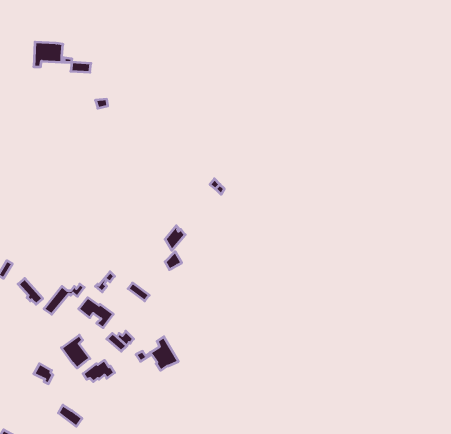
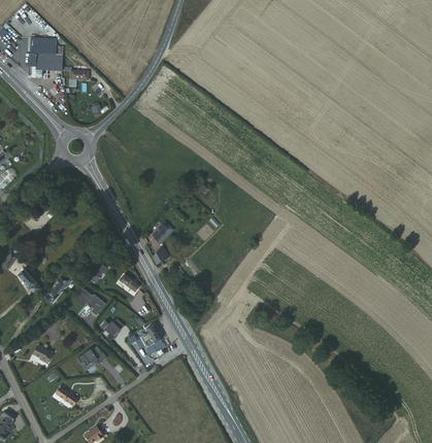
building: none -> [21,36,55,54]
building: [61,335,90,368] -> none

